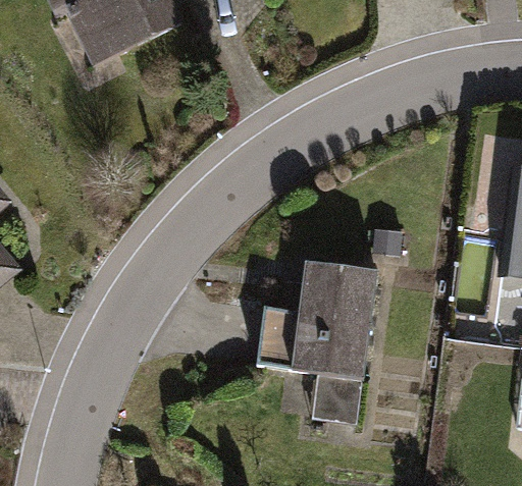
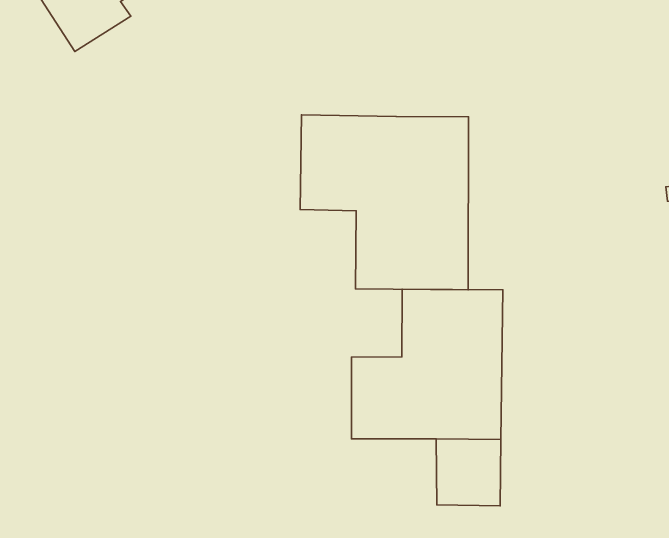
building: none -> [300,115,468,290]

